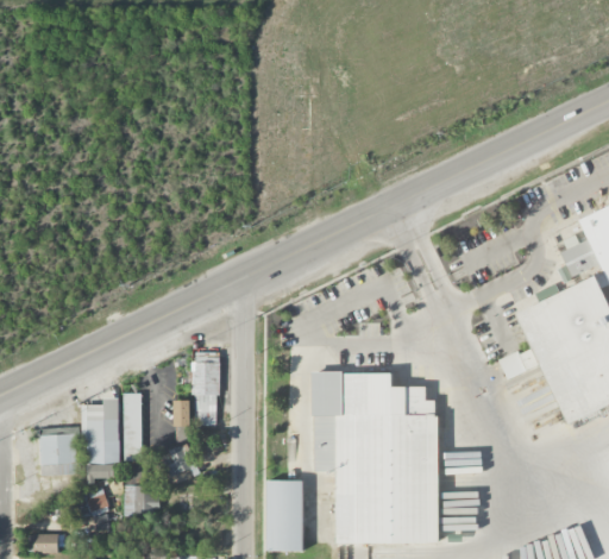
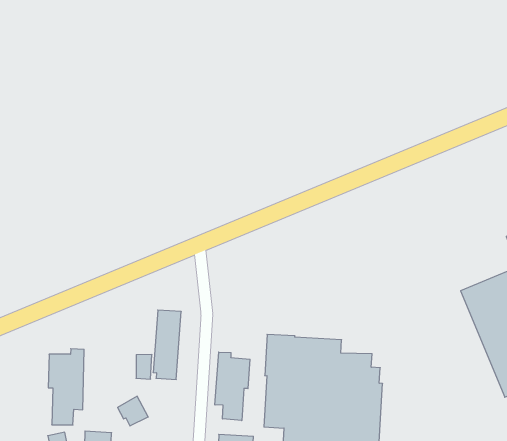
building: [123,394,142,461] -> none
building: none -> [215,352,250,421]
building: [39,428,77,477] -> none

